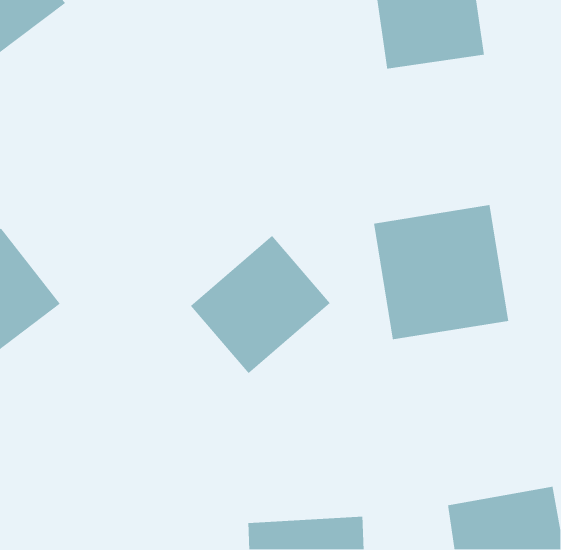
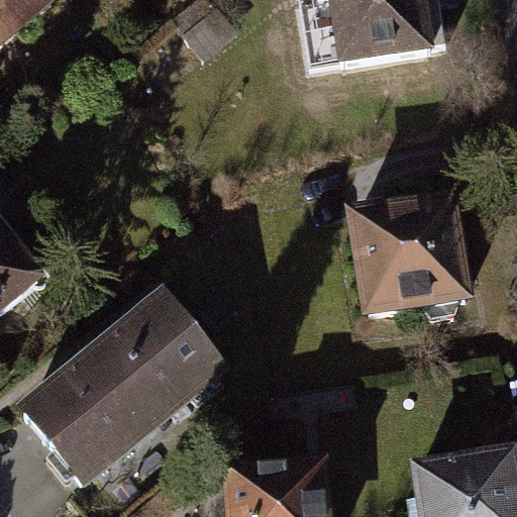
building: [190,235,331,374] -> none
building: none -> [17,292,228,491]

